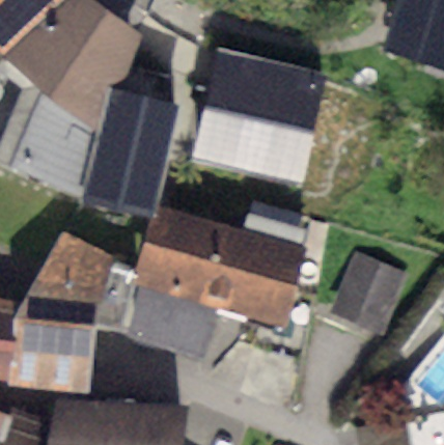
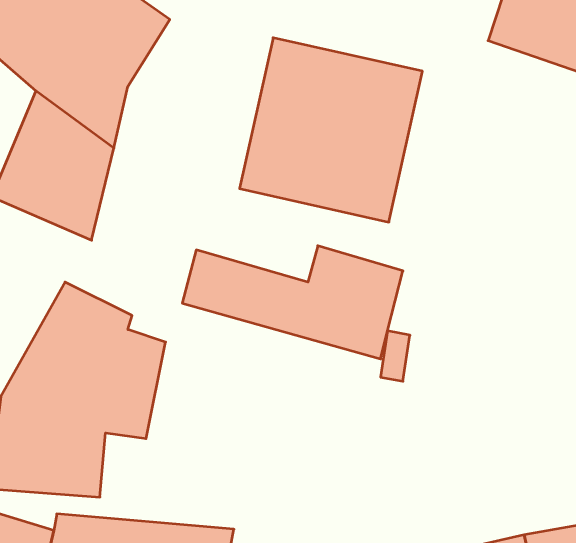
building: [81,84,179,214] -> none
building: [127,245,296,364] -> none
building: [329,251,407,332] -> none

